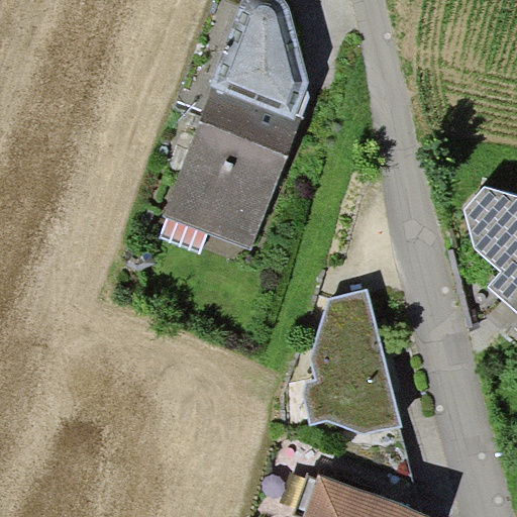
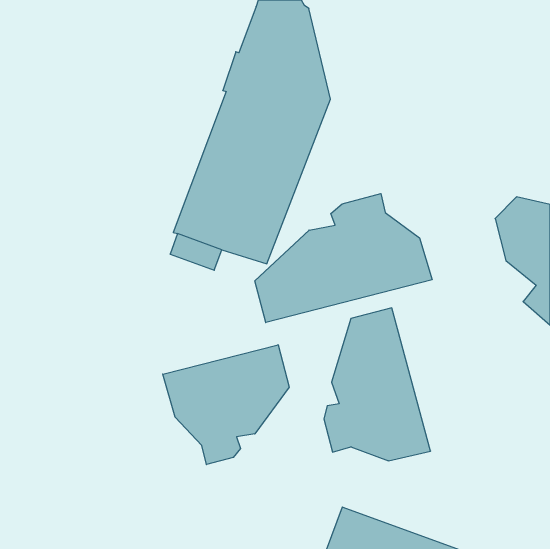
building: none -> [255,194,432,323]
building: none -> [163,345,289,465]

